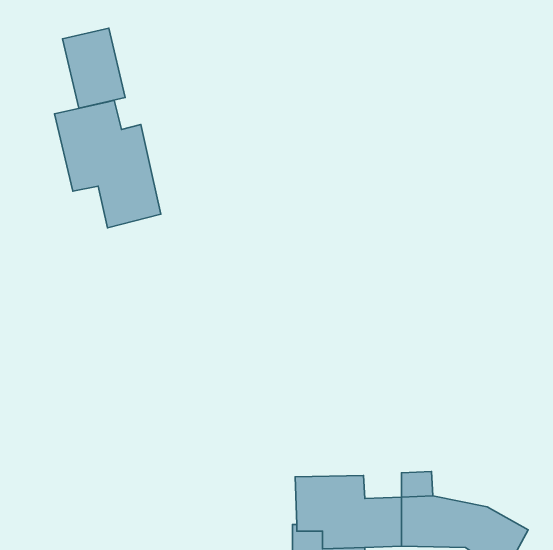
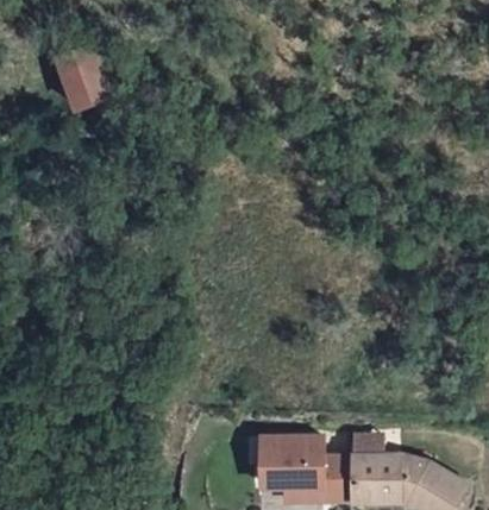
building: [54,100,161,228] -> none

